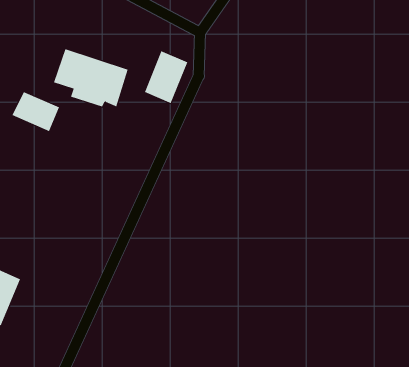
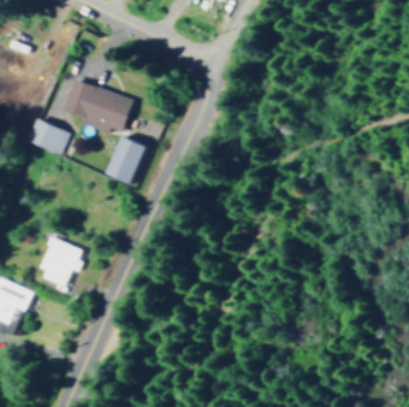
building: [144,51,188,104] -> [106,135,147,184]
building: none -> [38,237,84,287]

